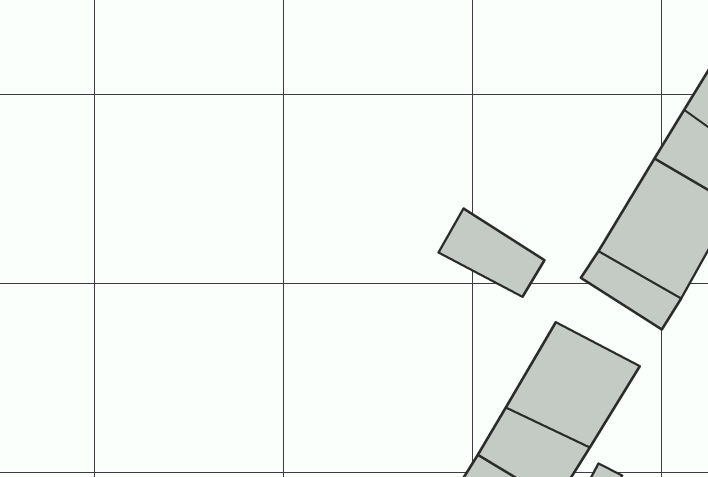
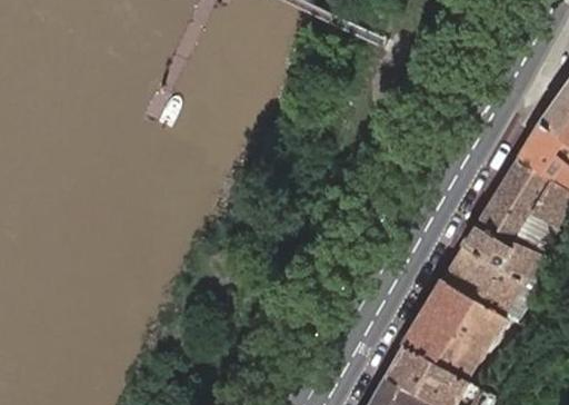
building: [438,208,544,297] -> [443,247,523,314]

